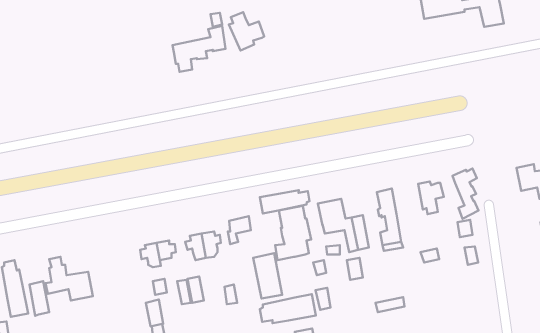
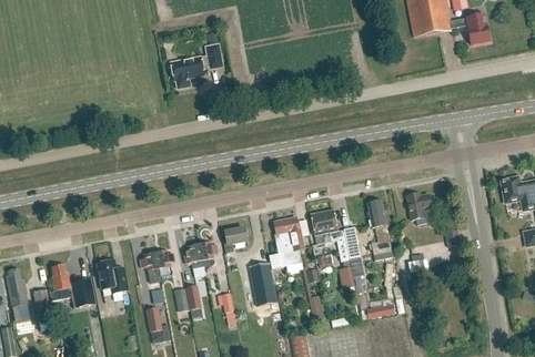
building: [229,12,264,50] -> none
building: [453,169,479,219] -> none
building: [260,190,310,214] -> none
building: none -> [97,259,128,293]
building: [260,294,316,323] -> none

